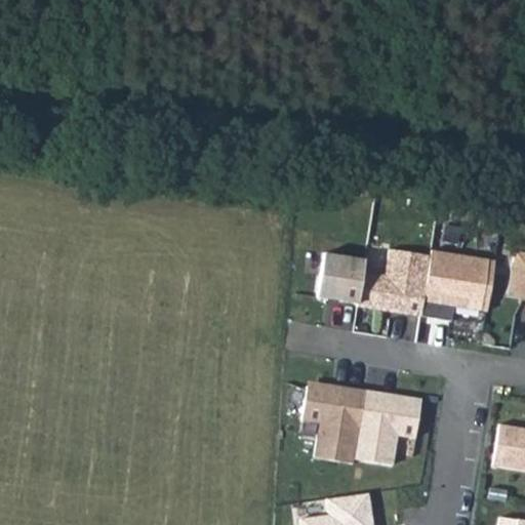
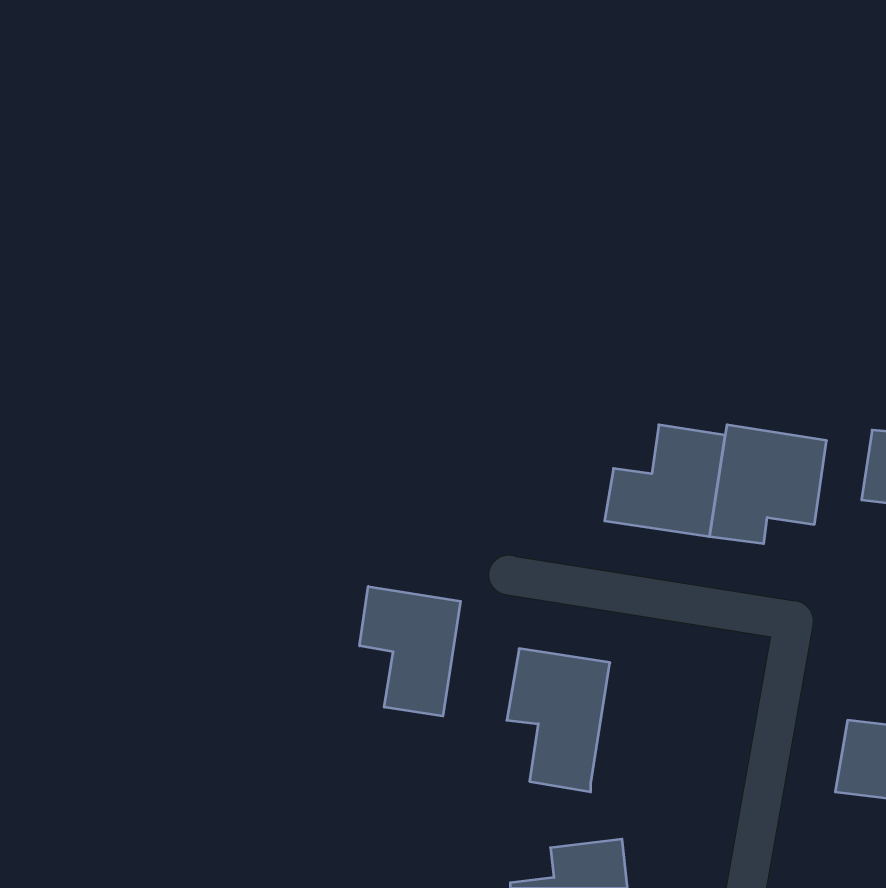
building: [318,253,366,306] -> none
building: none -> [360,586,461,716]
building: [351,389,423,466] -> none

